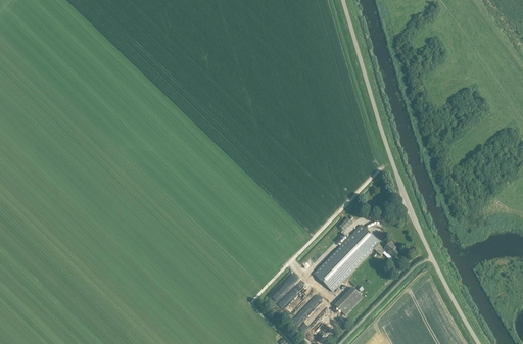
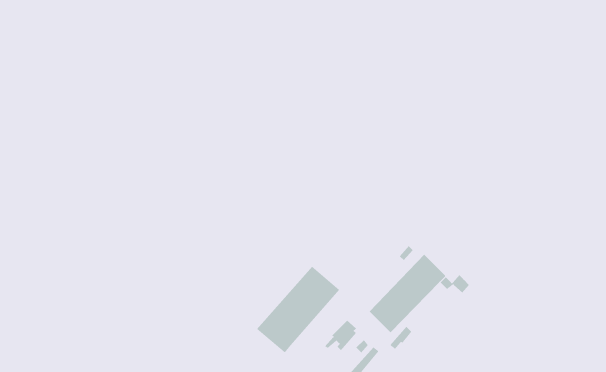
building: none -> [256,266,340,353]

